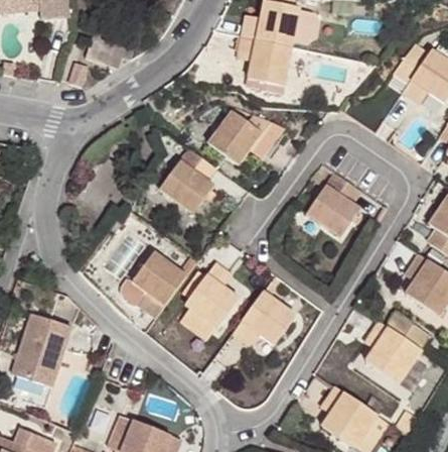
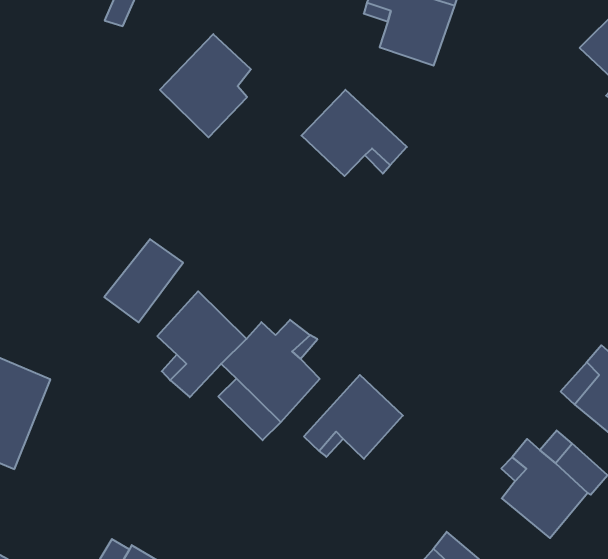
building: [158,149,214,216] -> [160,34,251,137]
building: [305,174,360,238] -> none

